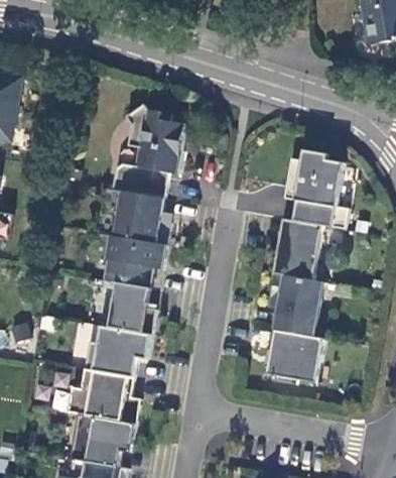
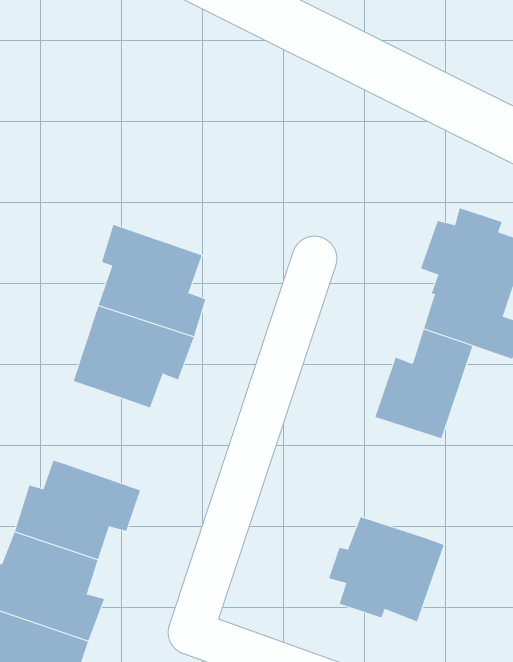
building: [111,104,183,199] -> none
building: [269,273,322,336] -> none
building: [105,282,155,335] -> none

